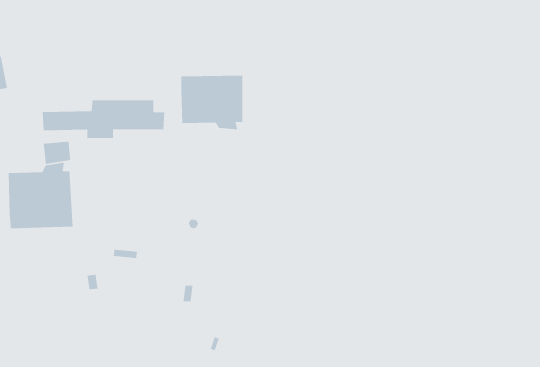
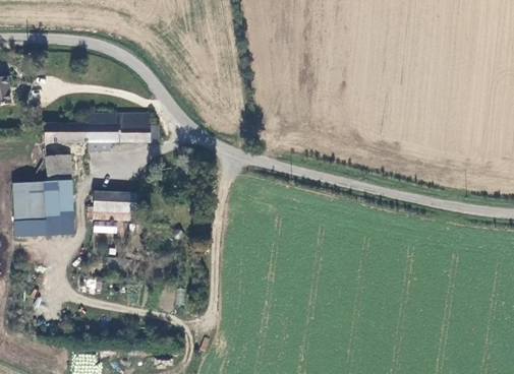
building: [180,75,243,130] -> none
building: none -> [87,190,134,232]

